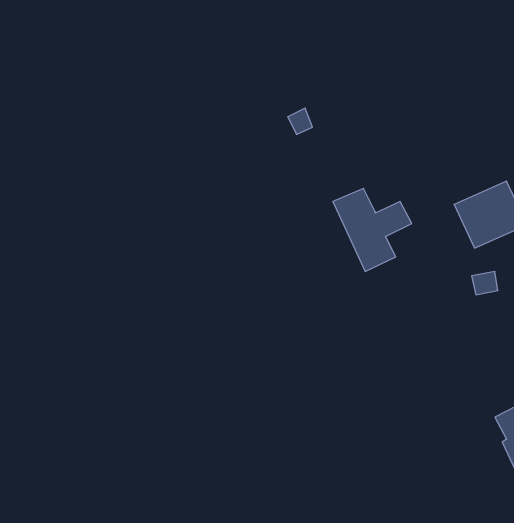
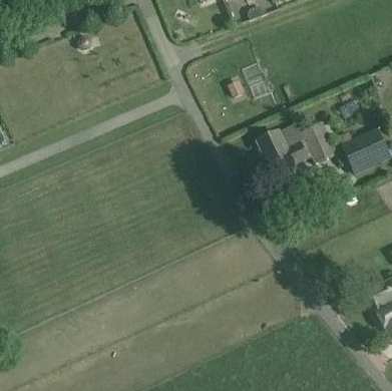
building: none -> [301,122,337,163]

